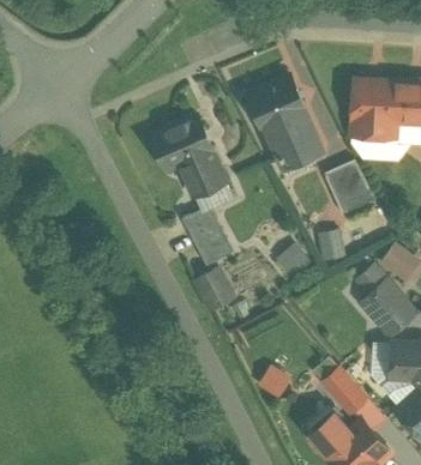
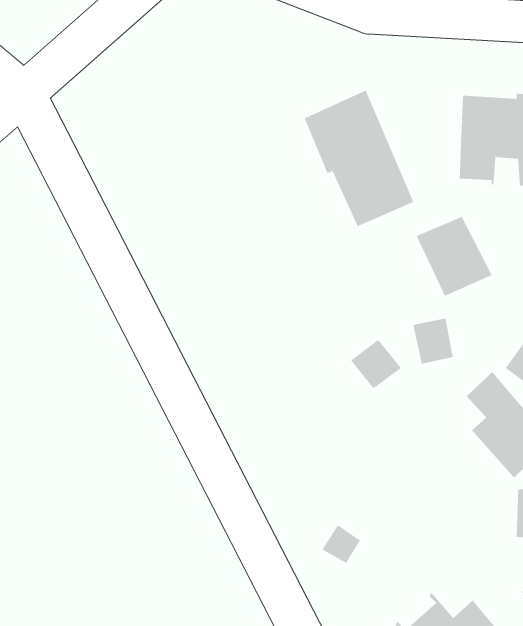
building: [151,116,225,197] -> none
building: [181,205,233,266] -> none
building: [194,268,233,310] -> none
building: [321,368,366,413] -> none

